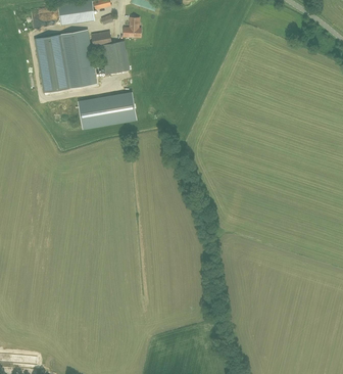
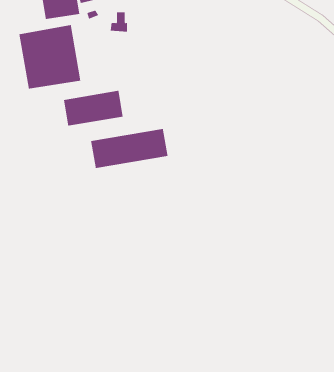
building: [91,32,128,74] -> none
building: none -> [90,128,168,169]

